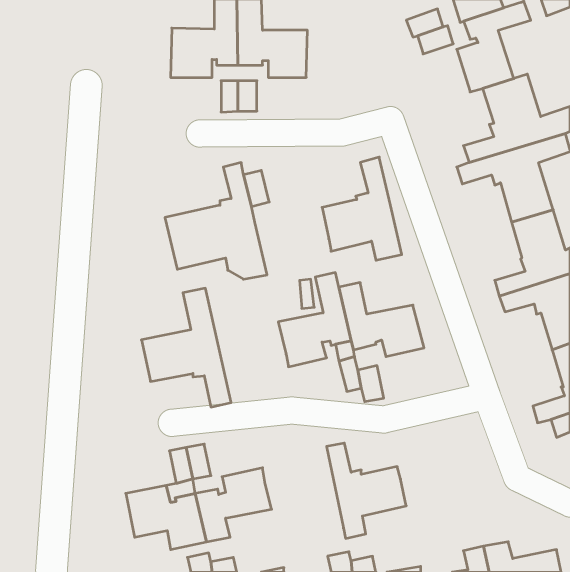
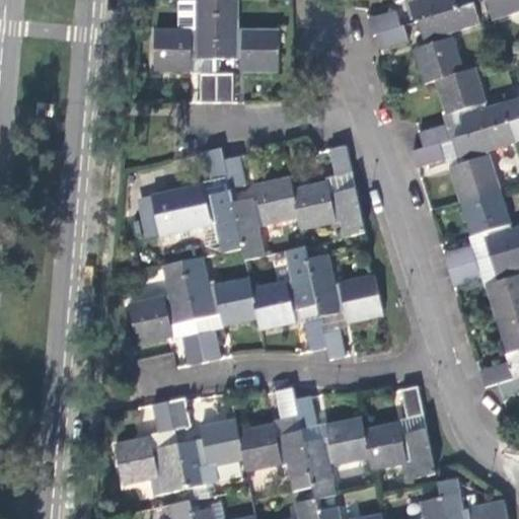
building: none -> [230,176,297,258]
building: none -> [186,256,258,364]
building: none -> [362,387,432,475]
building: none -> [239,392,310,481]

